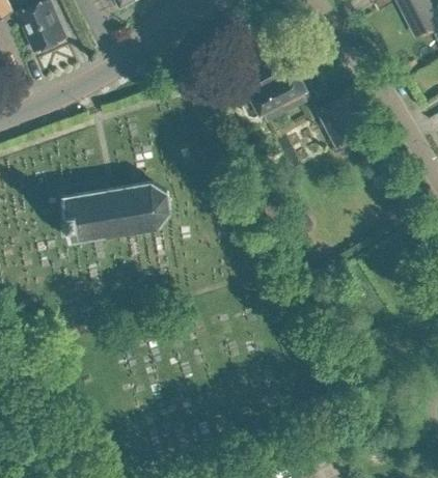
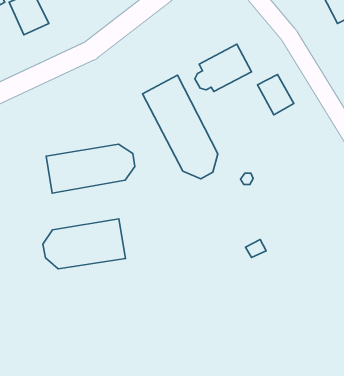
building: none -> [142,75,218,179]
building: none -> [43,219,126,269]

